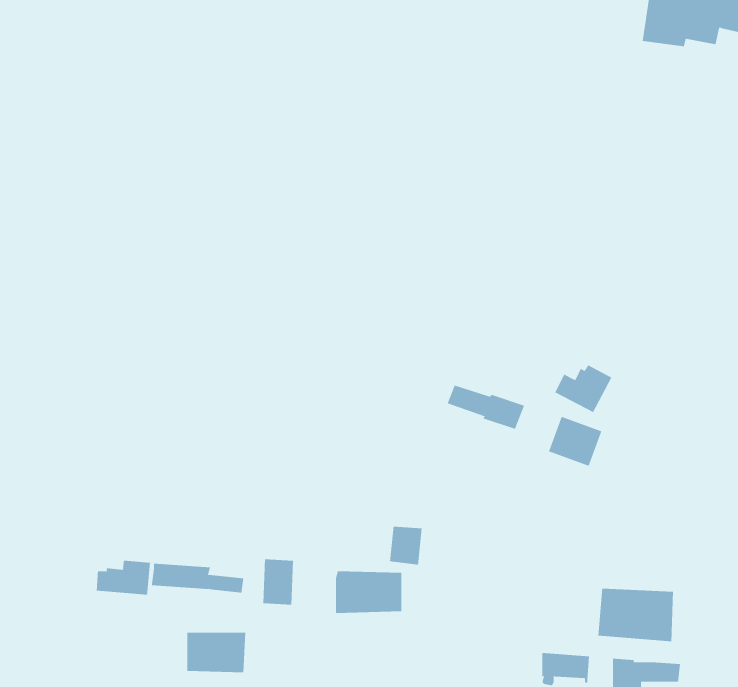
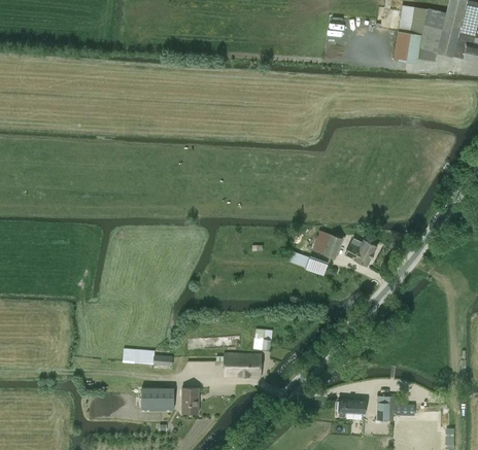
building: [548,416,602,467] -> [313,231,343,258]
building: [262,559,294,605] -> [182,387,200,413]
building: [96,560,150,595] -> none
building: [598,588,674,642] -> none

